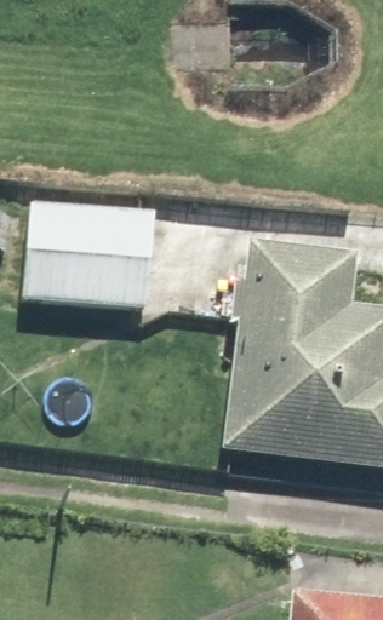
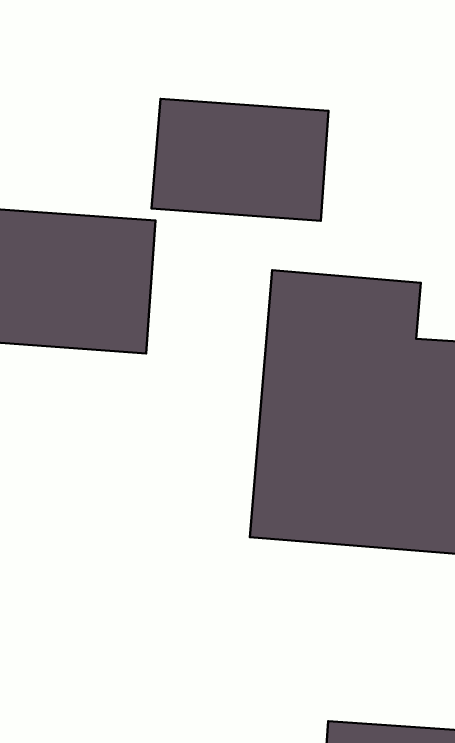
building: none -> [151,99,329,221]

